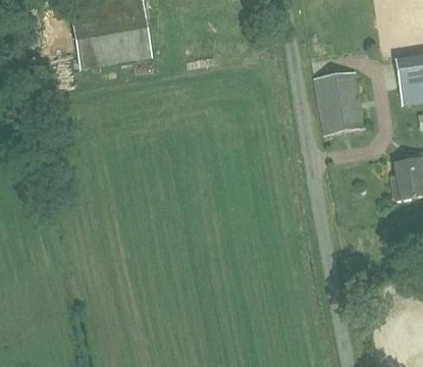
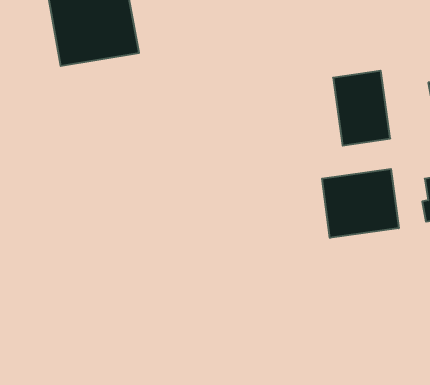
building: none -> [322,169,399,238]

